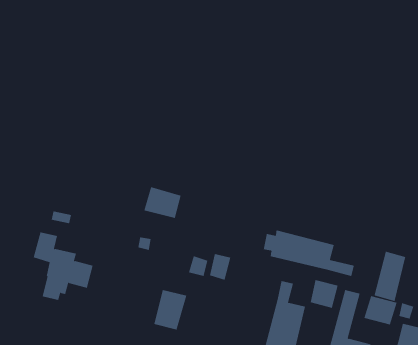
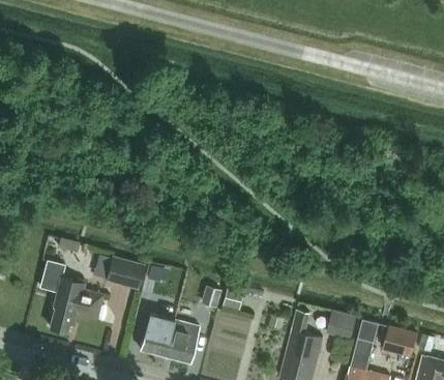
building: [144,187,181,218] -> [103,256,143,289]
building: [263,229,355,277] -> none
building: [374,251,406,302] -> none
building: none -> [139,314,173,356]

